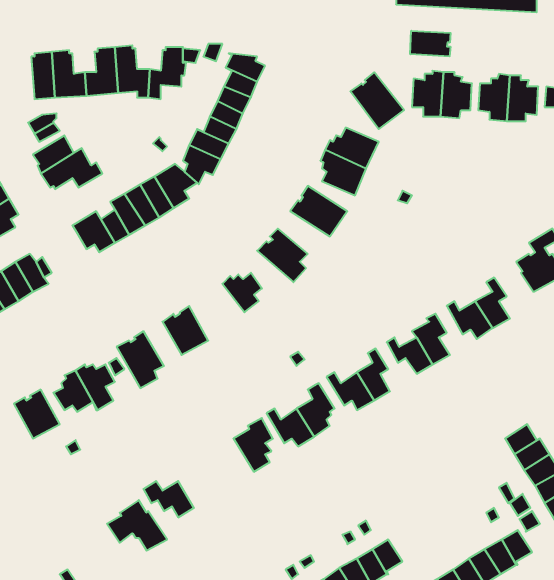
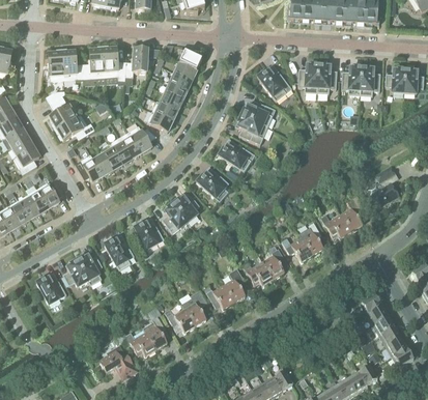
building: [410,31,451,56] -> none
building: none -> [163,202,189,233]
building: none -> [164,304,195,333]
building: none -> [143,315,169,349]

